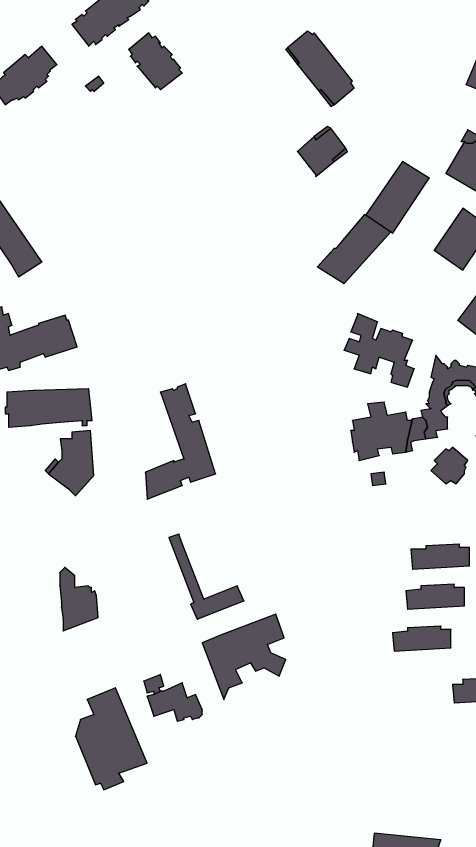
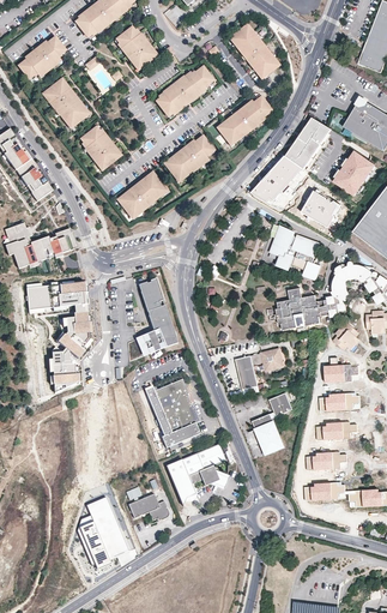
building: none -> [155,66,211,115]
building: none -> [43,79,85,124]
building: none -> [218,112,250,144]
building: none -> [80,127,119,169]
building: none -> [165,136,212,179]
building: none -> [117,175,163,218]
building: none -> [302,192,340,229]
building: none -> [236,350,284,390]
building: none -> [323,365,358,383]
building: none -> [153,378,199,433]
building: none -> [252,393,292,455]
building: [60,567,98,631] -> [53,347,80,392]
building: none -> [304,482,346,501]

